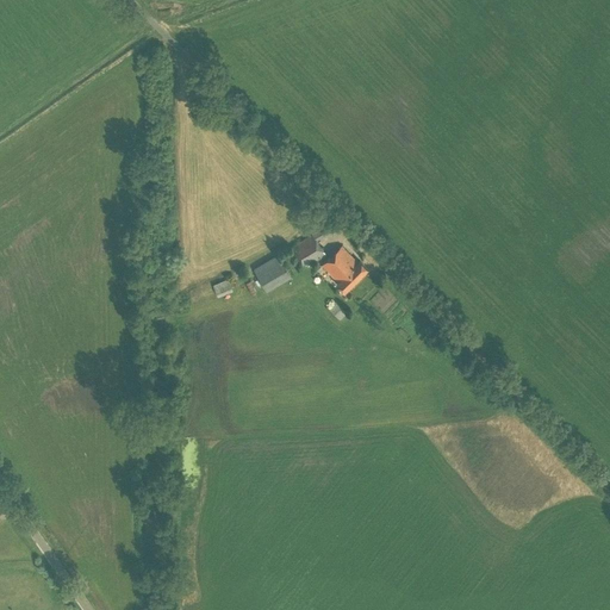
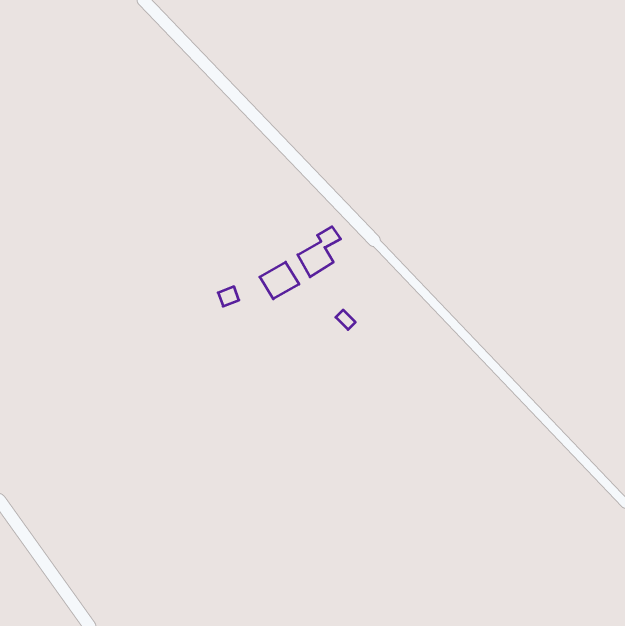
building: [320,245,366,292] -> none

